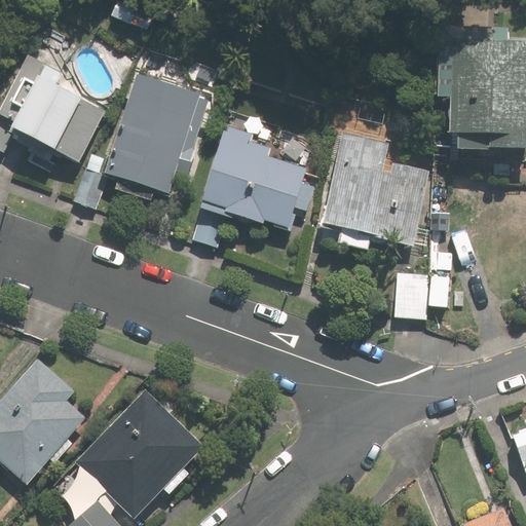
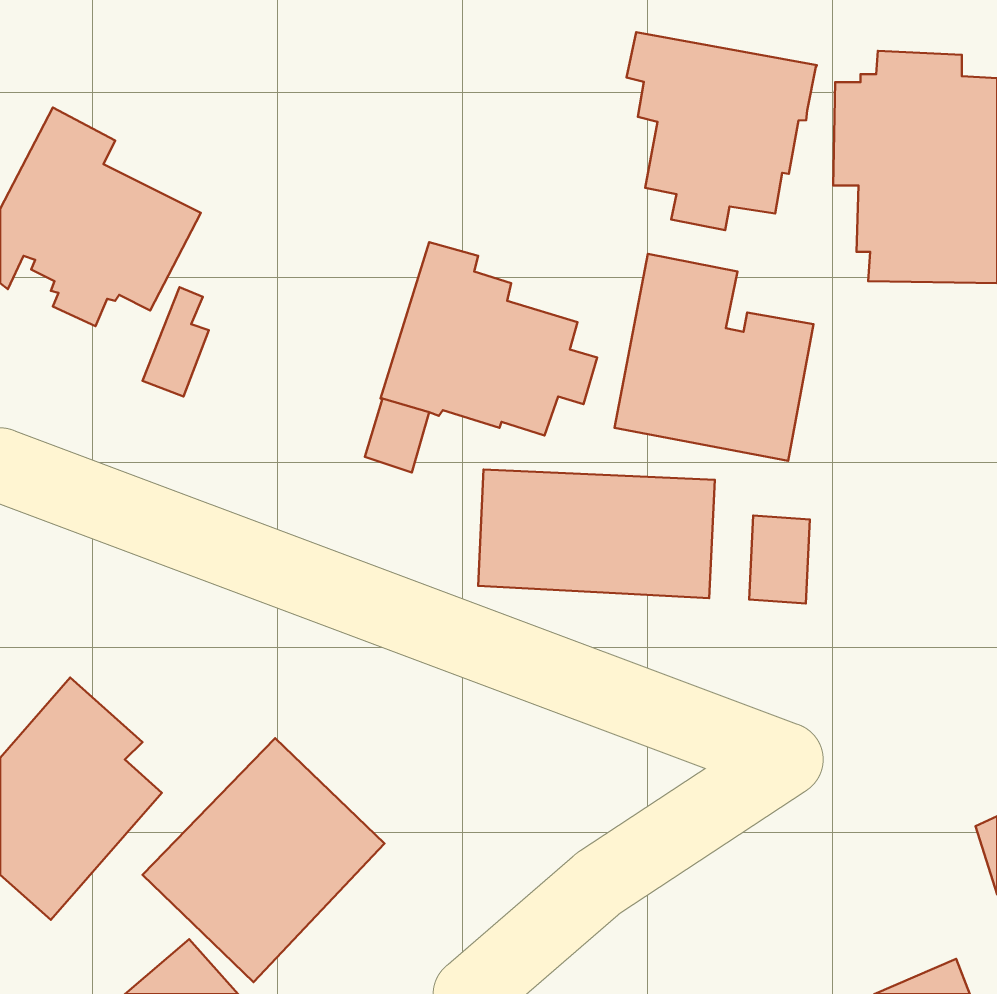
building: none -> [626,32,817,230]
building: [108,92,197,191] -> none
building: none -> [478,470,715,598]

